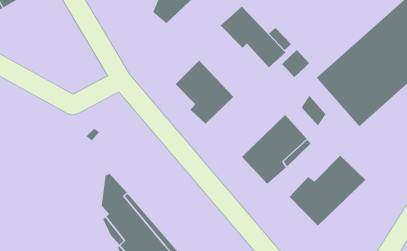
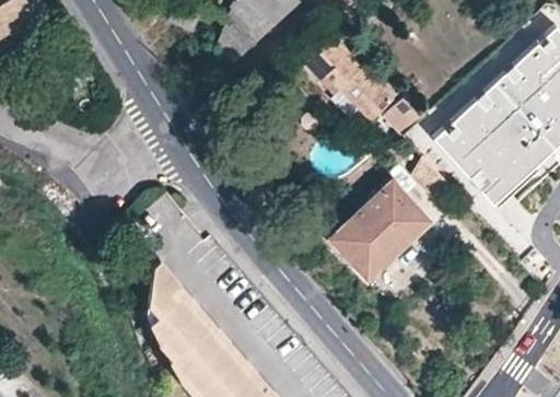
building: [175,60,234,125] -> none
building: [289,155,366,226] -> none

